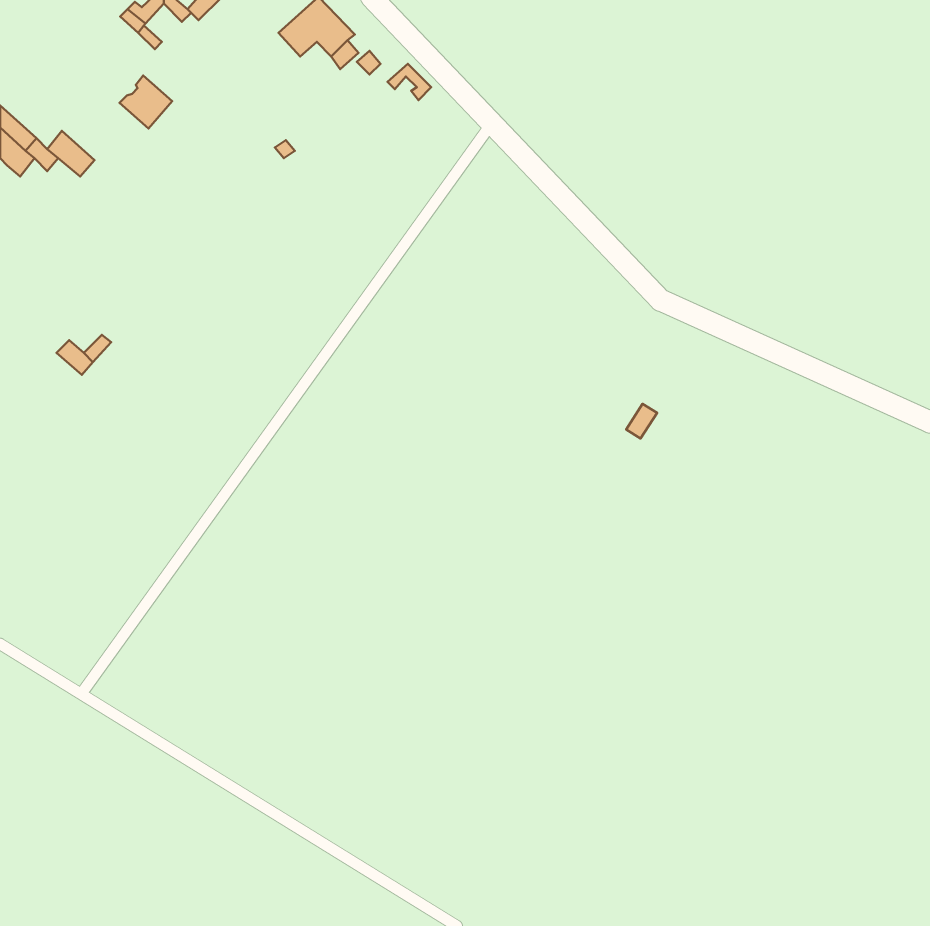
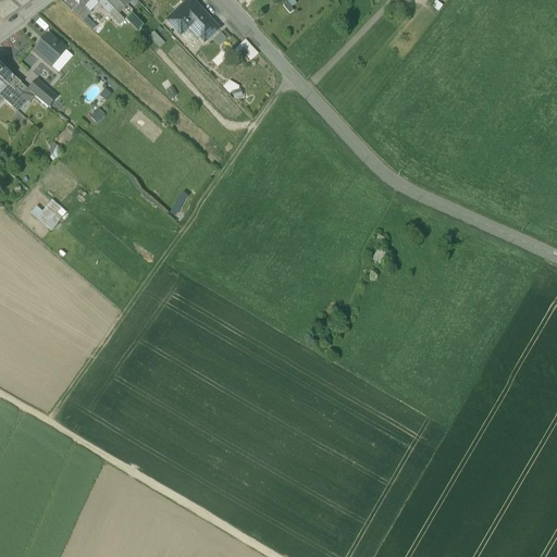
building: [119,76,172,128] -> [34,34,65,65]

